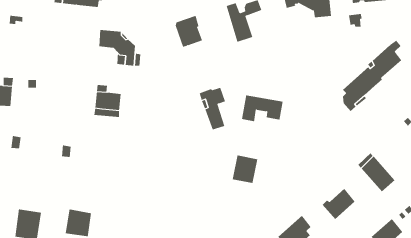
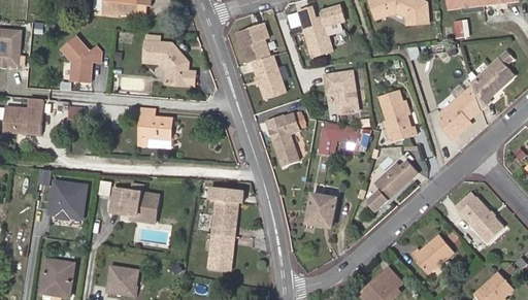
building: none -> [62,34,104,80]
building: none -> [252,53,284,96]
building: none -> [325,69,358,111]
building: none -> [378,92,416,142]
building: none -> [368,161,419,211]
building: none -> [51,181,87,219]
building: none -> [206,184,239,269]
building: none -> [109,190,159,224]

